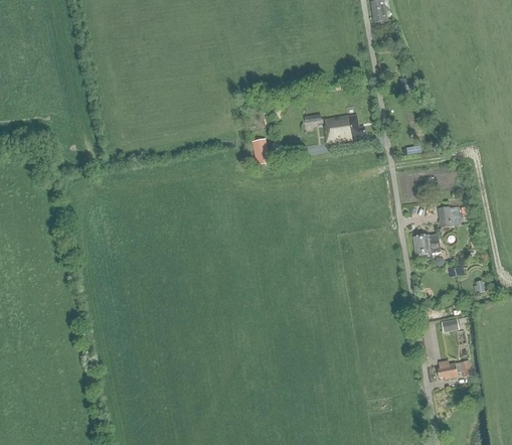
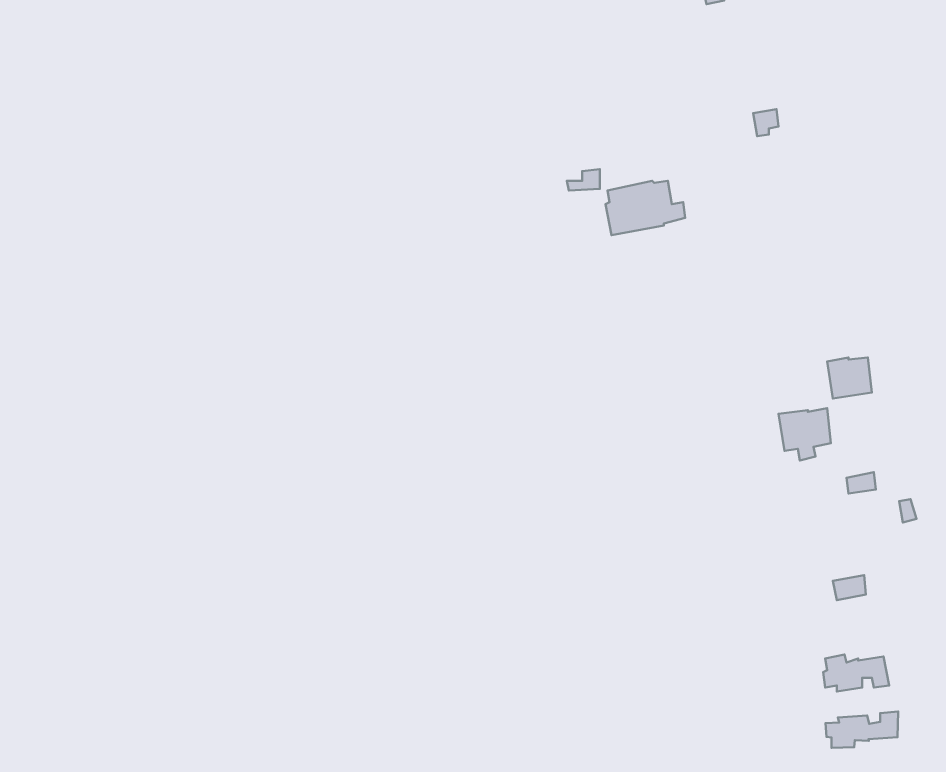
building: [251,138,271,165] -> none
building: none -> [826,711,898,748]

